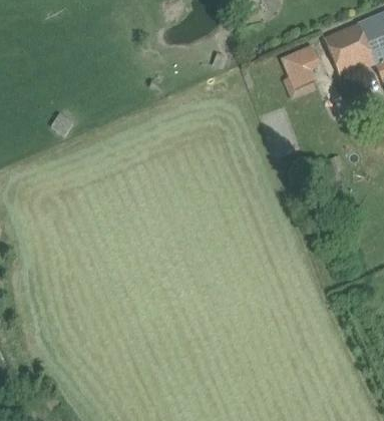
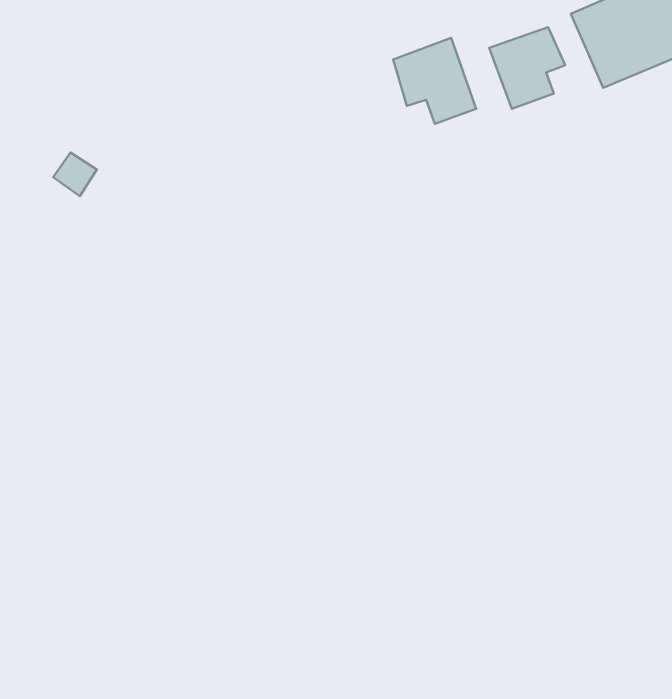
building: none -> [393,38,476,124]

